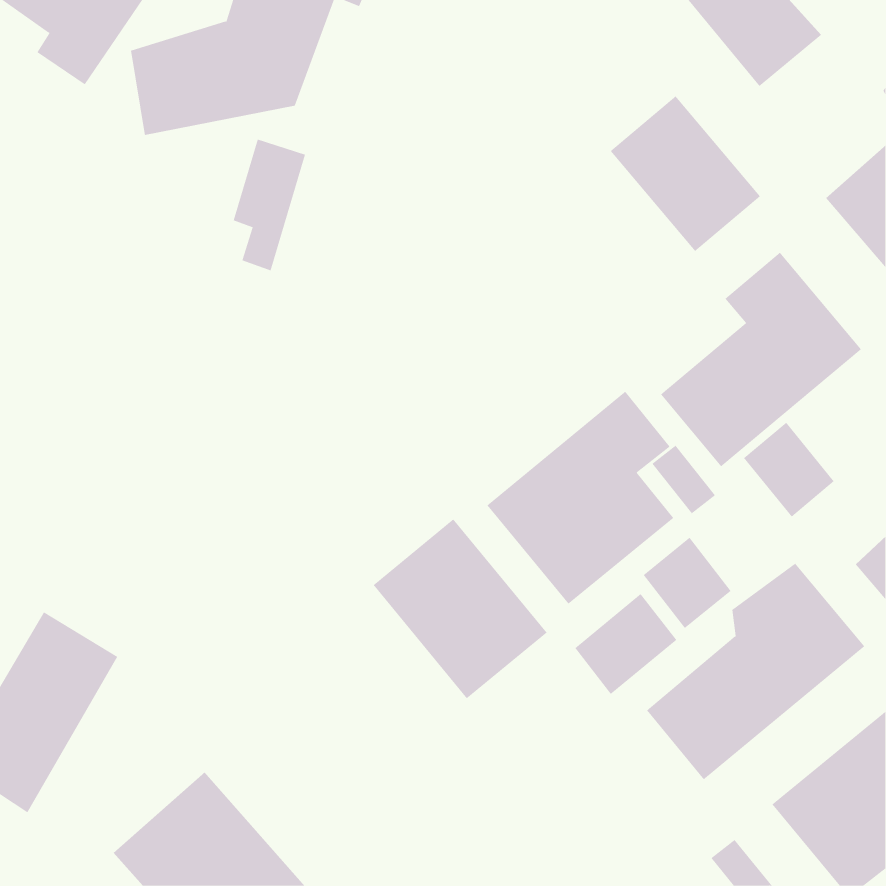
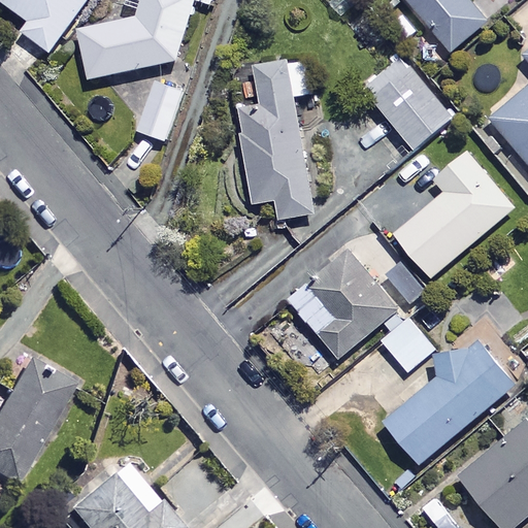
building: none -> [237,58,312,219]
building: [743,422,835,518] -> none
building: [373,518,547,699] -> none
building: [574,593,677,695] -> none

